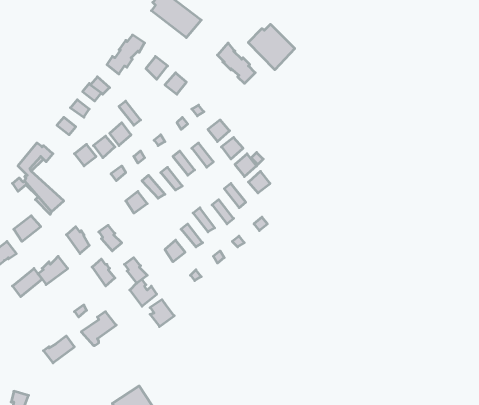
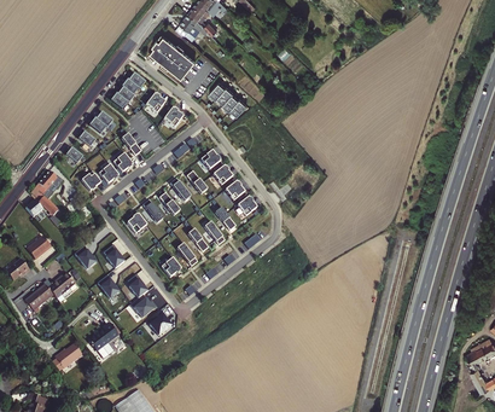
building: [248,24,295,70] -> none

